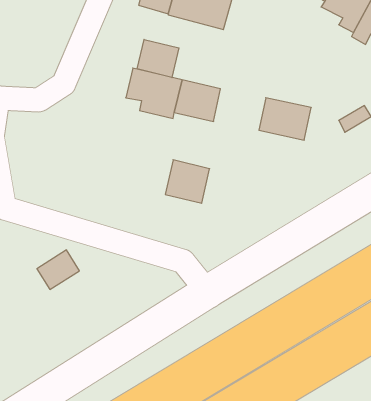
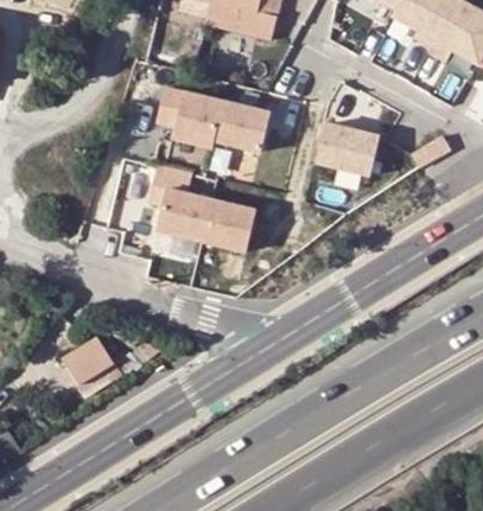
building: [137,39,179,78] -> none
building: none -> [155,186,211,238]
building: [37,250,79,289] -> [59,341,110,389]

